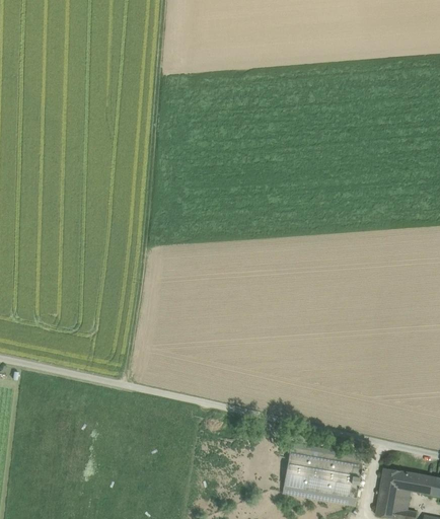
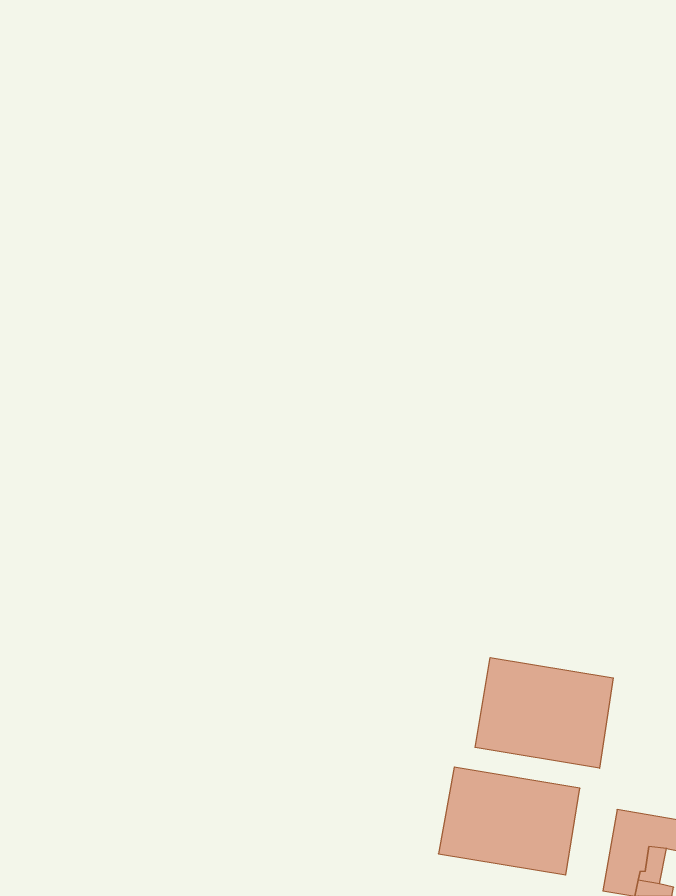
building: none -> [475,658,613,768]

